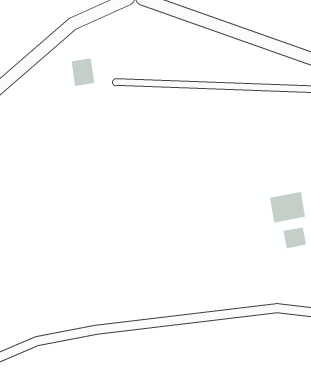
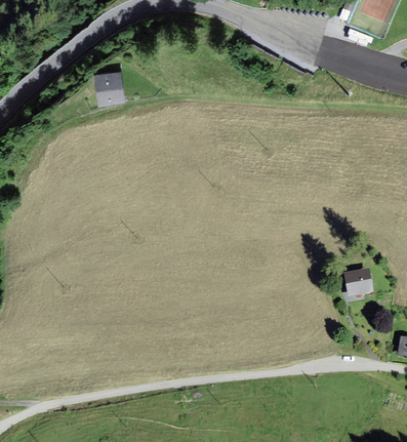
building: [269,191,305,223] -> none

